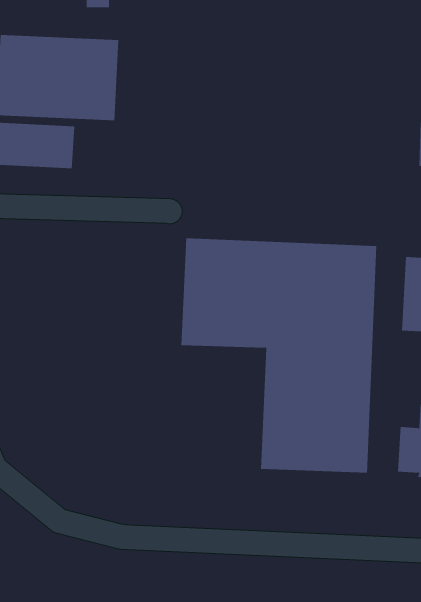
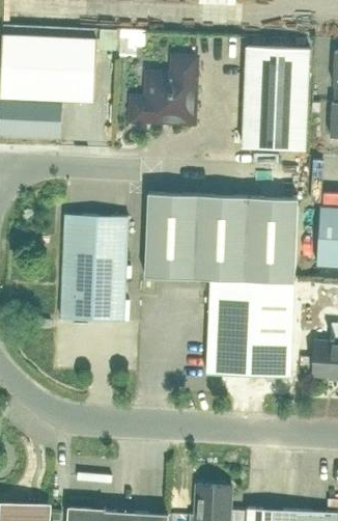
building: none -> [242,47,308,149]
building: none -> [132,58,194,122]
building: none -> [60,215,128,322]

